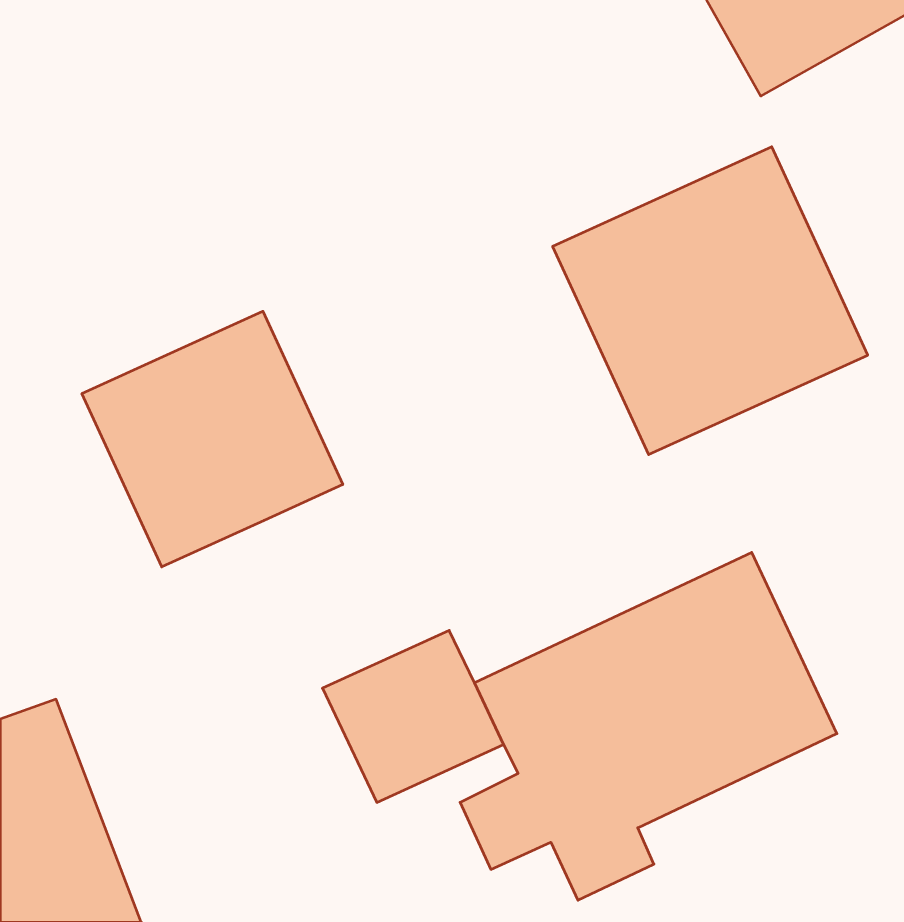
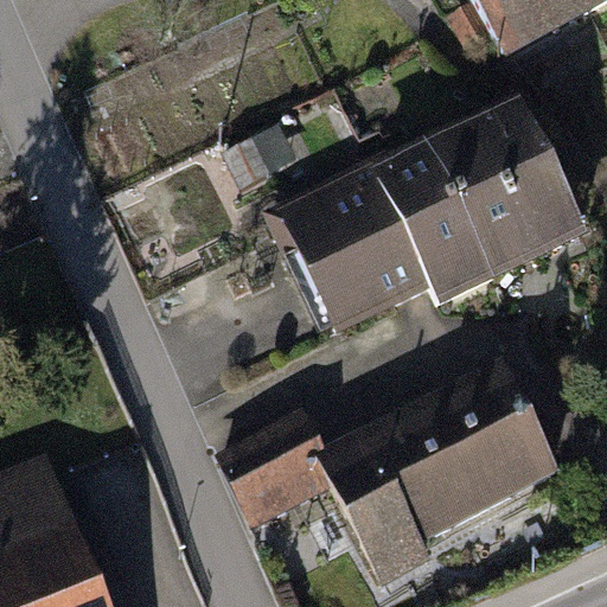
building: none -> [267,161,439,347]
building: [82,311,343,567] -> none

